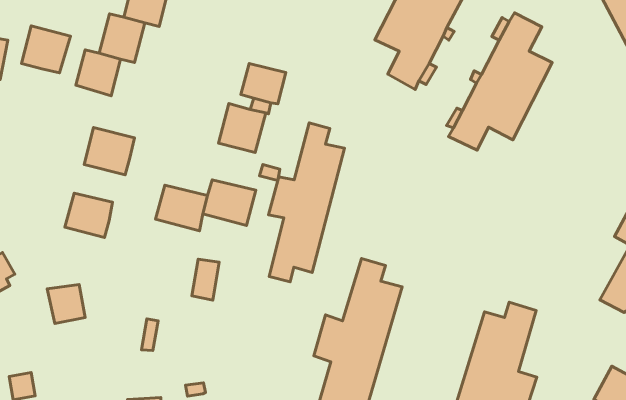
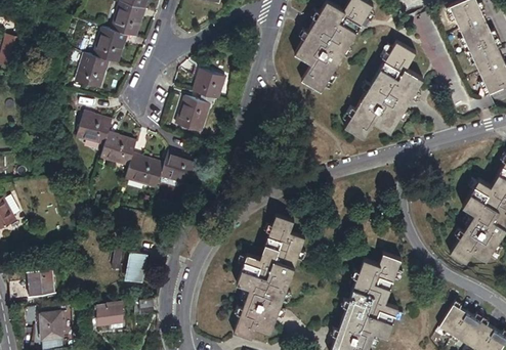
building: [22,26,70,73] -> none
building: [269,123,345,282] -> none
building: [65,193,112,238] -> [100,131,136,165]
building: [192,259,219,300] -> [125,255,146,286]
building: [47,284,85,323] -> [29,271,55,299]

